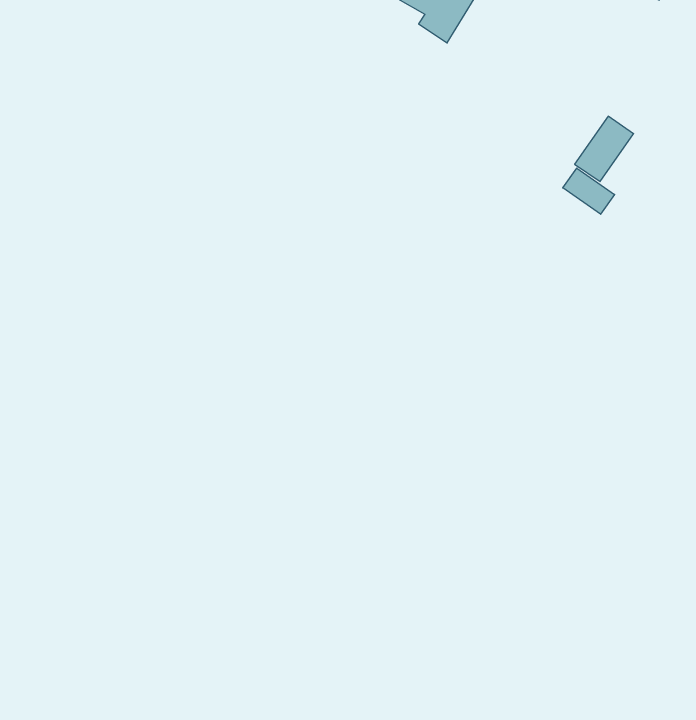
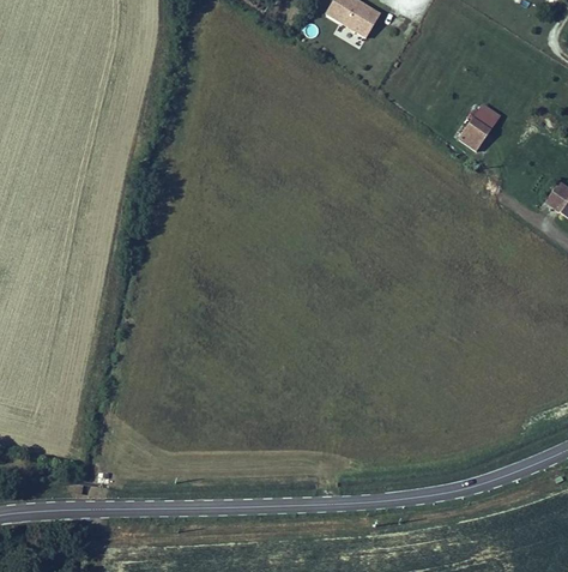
building: [563,168,615,214] -> none

